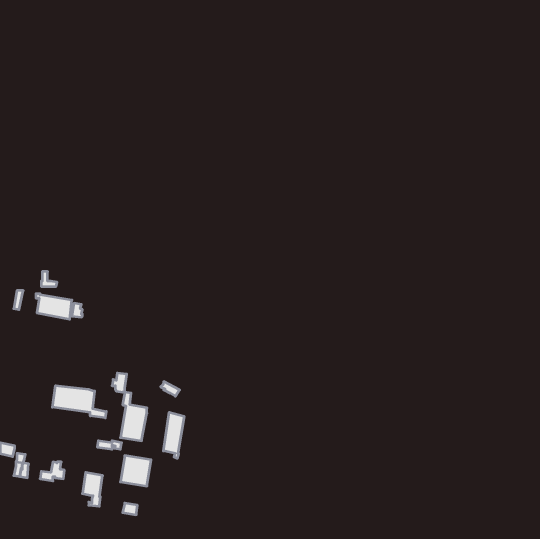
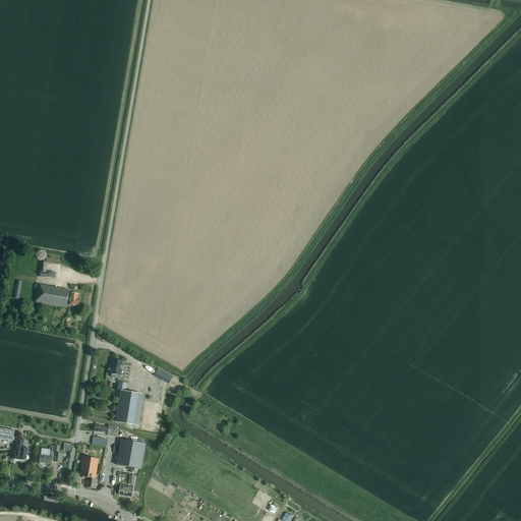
building: [52,386,106,418] -> none
building: [163,412,184,458] -> none

